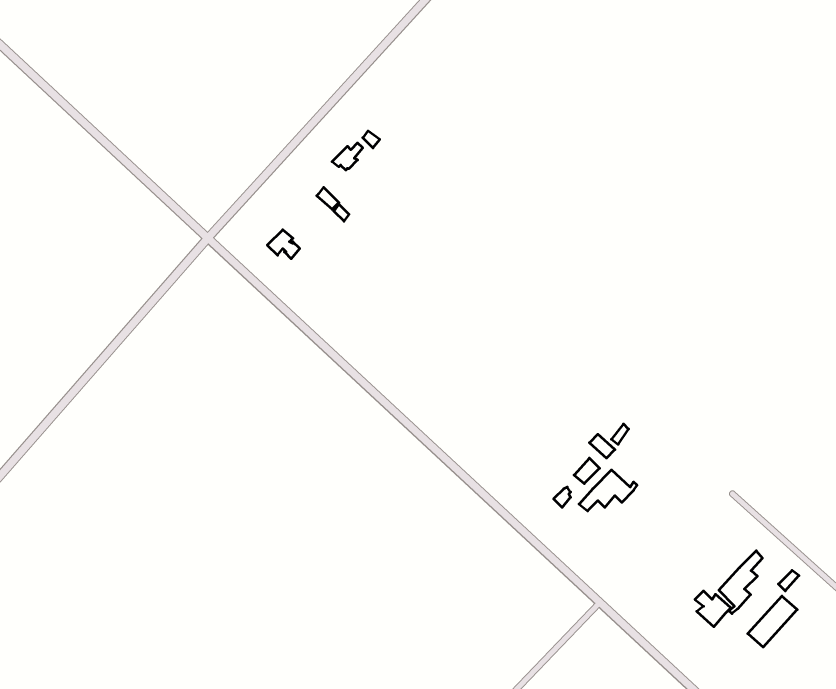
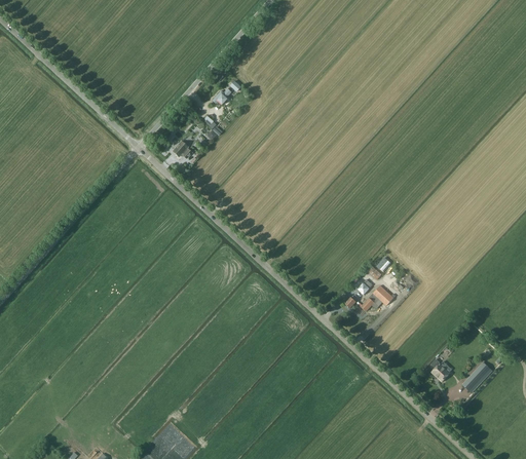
building: [719,551,762,614] -> none

